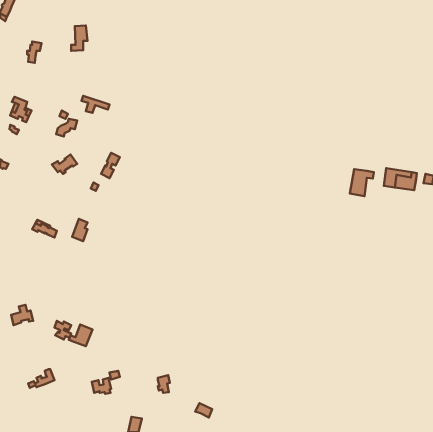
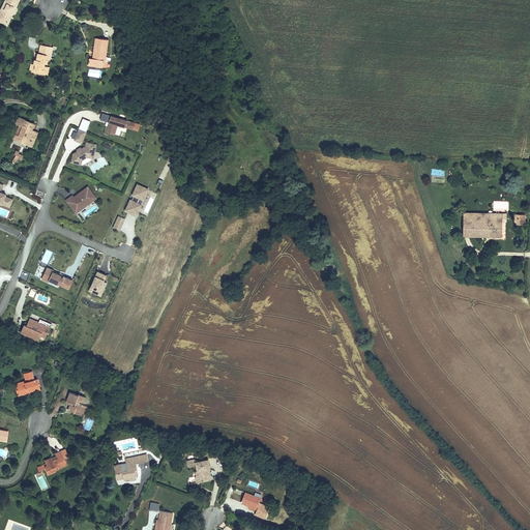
building: [350,169,374,196] -> none
building: none -> [19,319,49,341]
building: [69,325,93,346] -> none

